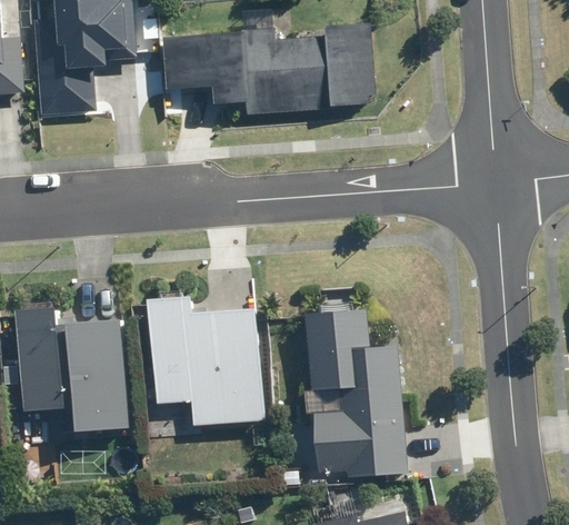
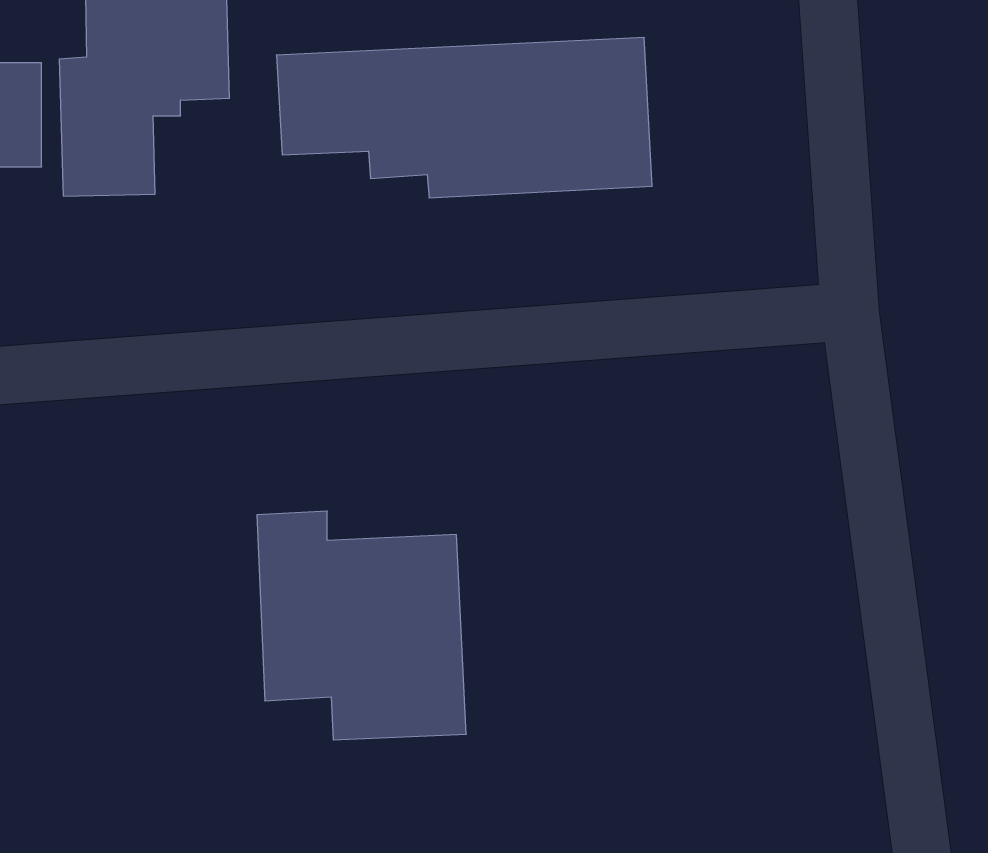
building: [17,305,63,410] -> none
building: [305,309,403,474] -> none
building: [67,317,128,432] -> none

